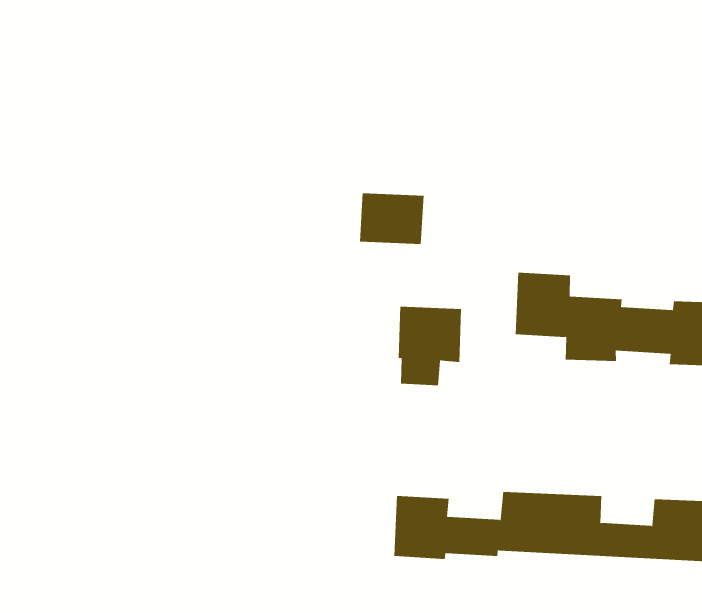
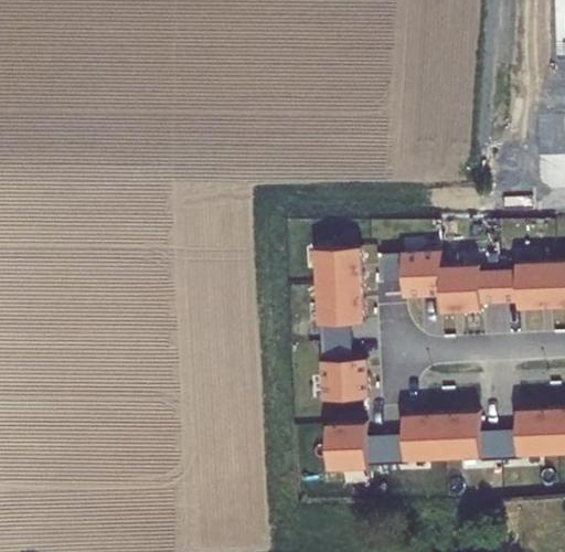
building: [359,193,424,244] -> [315,246,362,285]
building: none -> [319,341,366,402]

